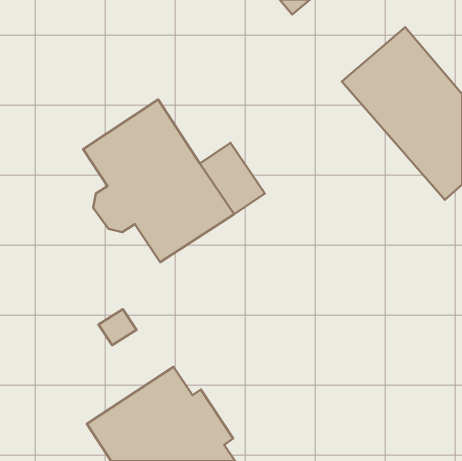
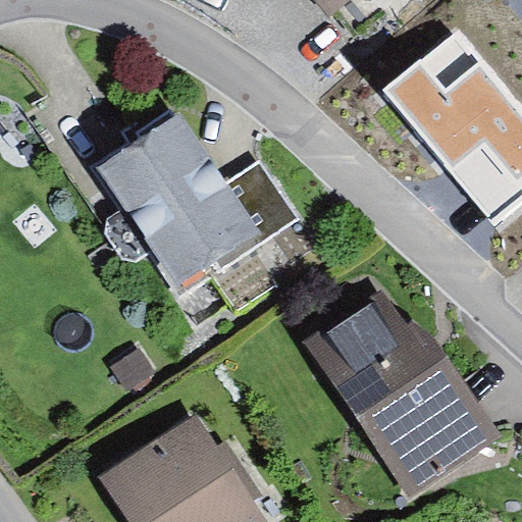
building: none -> [305,289,495,492]

